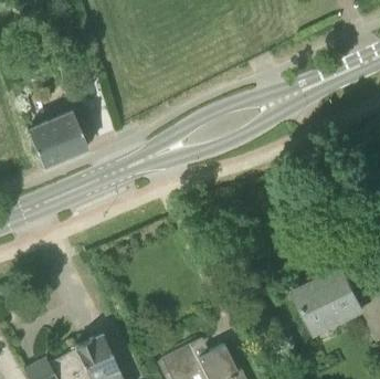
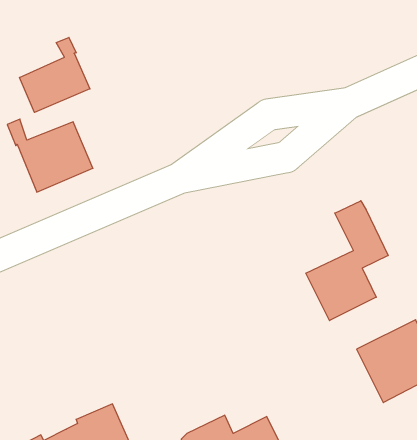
building: none -> [20,37,90,112]
building: none -> [306,201,388,321]

